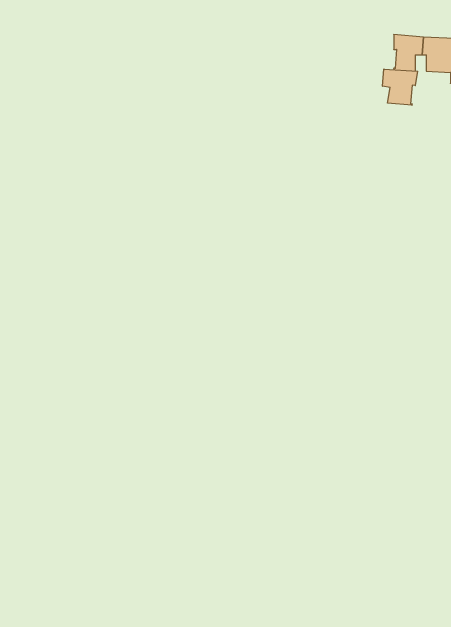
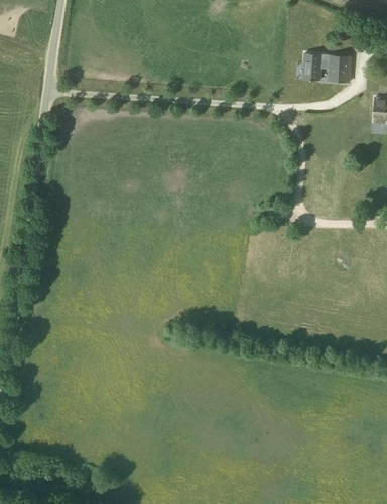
building: [383,69,418,105] -> none

